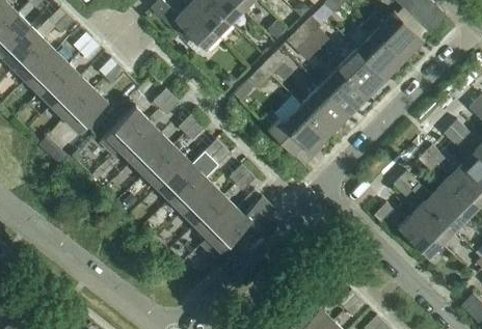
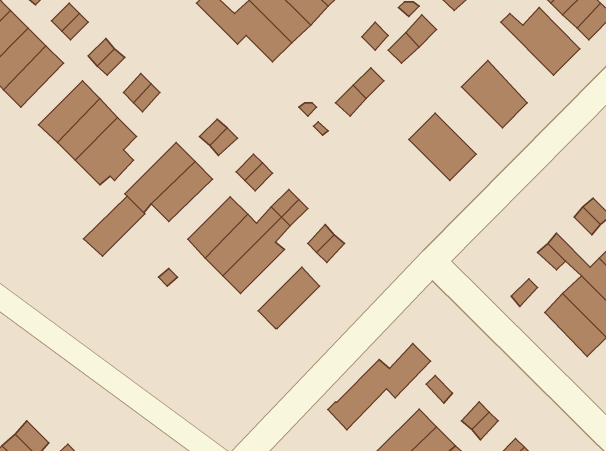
building: [357,22,404,79] -> none
building: [26,51,70,94] -> none
building: [320,67,368,115] -> none
building: [268,105,330,158] -> none
building: [131,133,175,175] -> [83,196,145,256]
building: [182,183,225,226] -> none
building: [202,197,274,258] -> [328,344,430,430]

